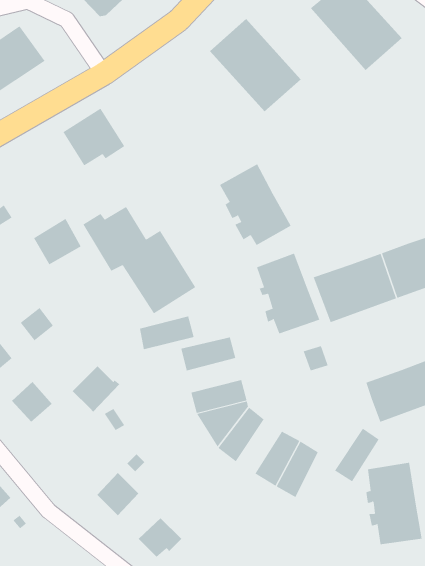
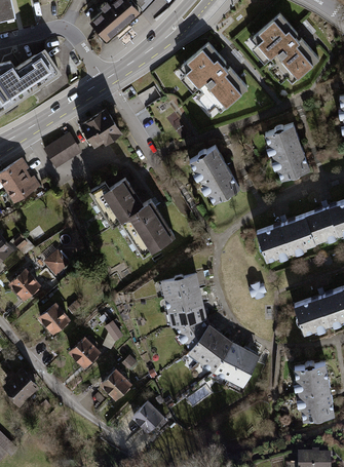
building: [33,218,81,265] -> [44,133,79,167]
building: [256,253,320,334] -> [266,125,312,184]
building: [139,316,195,350] -> [164,287,204,312]
building: [72,366,120,413] -> [69,336,104,369]
building: [334,428,380,482] -> [200,332,233,371]

